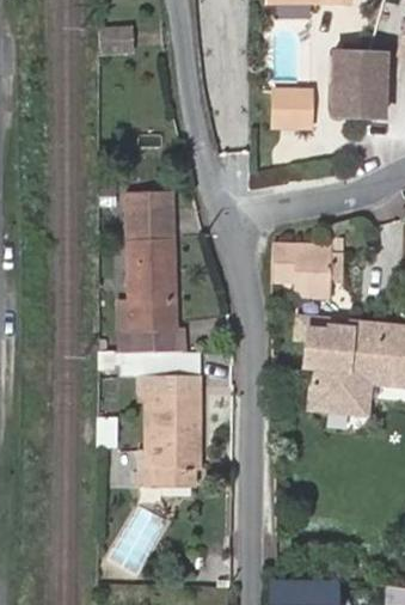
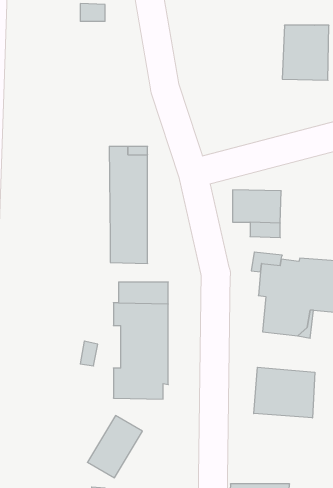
building: [274,88,311,126] -> none
building: [121,299,186,349] -> none
building: none -> [254,367,315,418]

